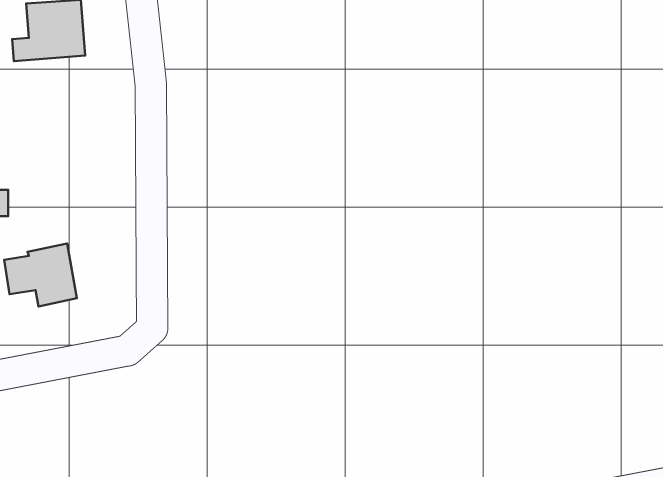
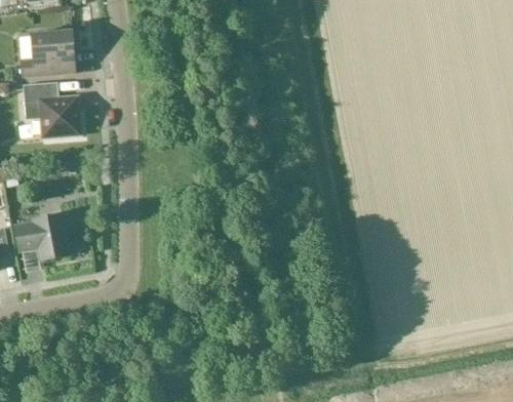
building: none -> [24,83,80,137]

